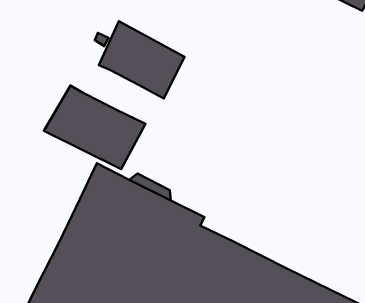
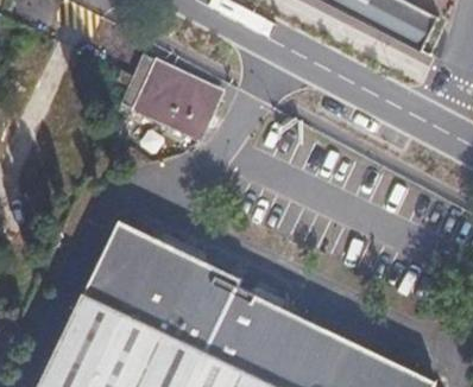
building: [44,85,145,169] -> none

